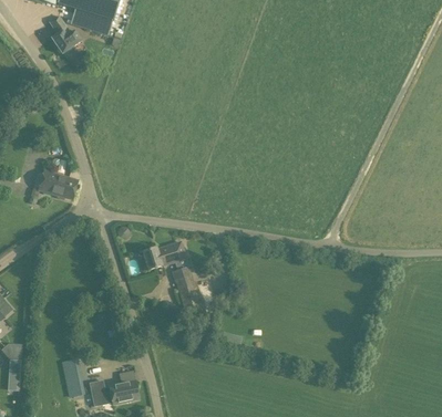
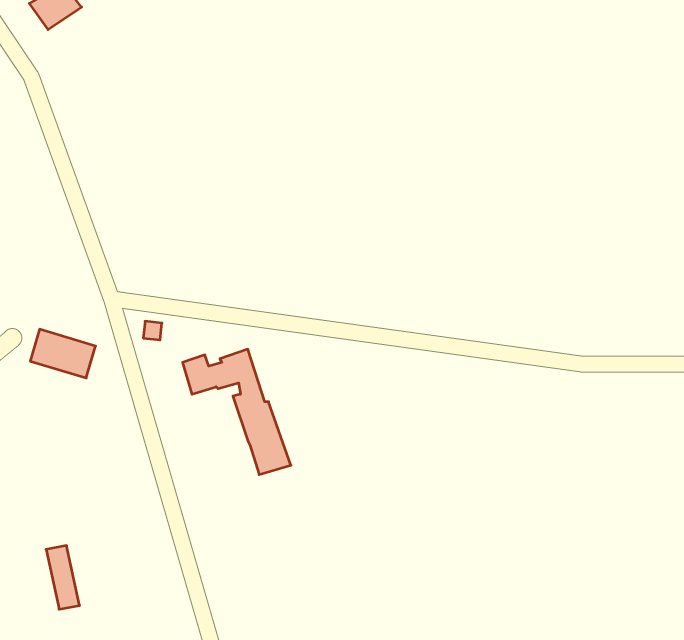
building: [39,170,78,199] -> [30,329,96,378]
building: [91,378,140,404] -> none

